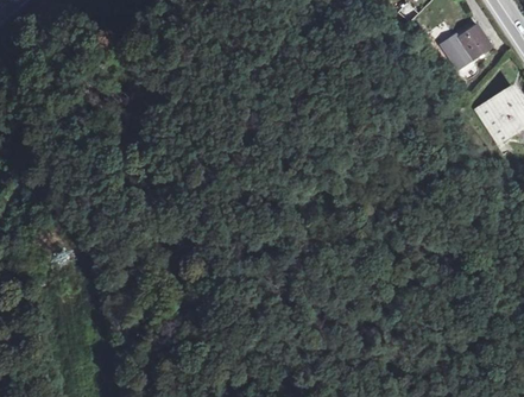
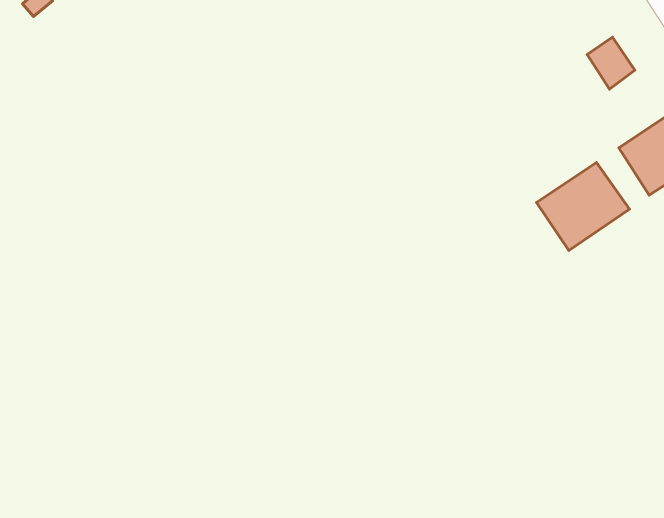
building: none -> [537,163,629,251]

